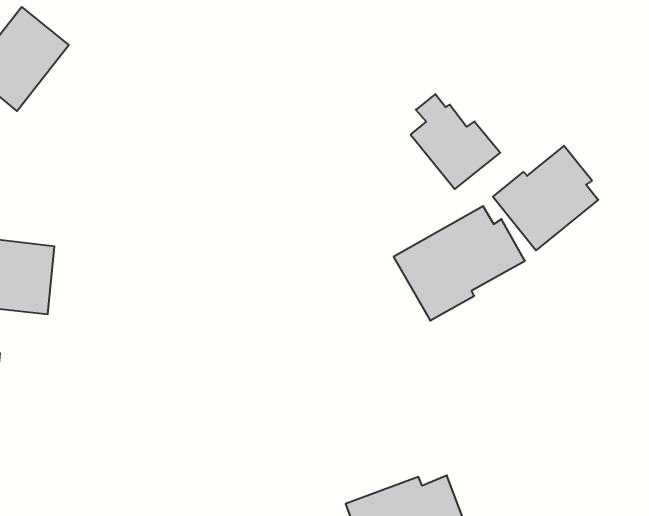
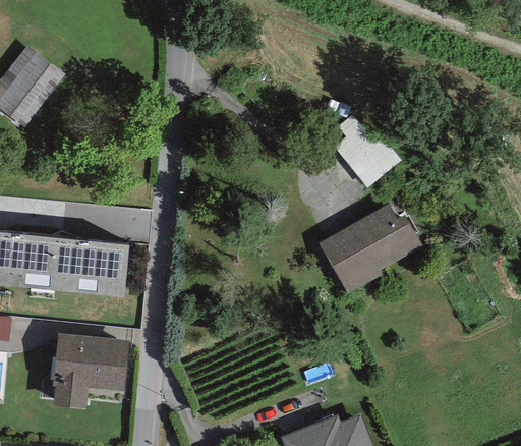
building: [493,146,598,250] -> none
building: none -> [48,234,128,294]
building: none -> [52,333,129,407]

